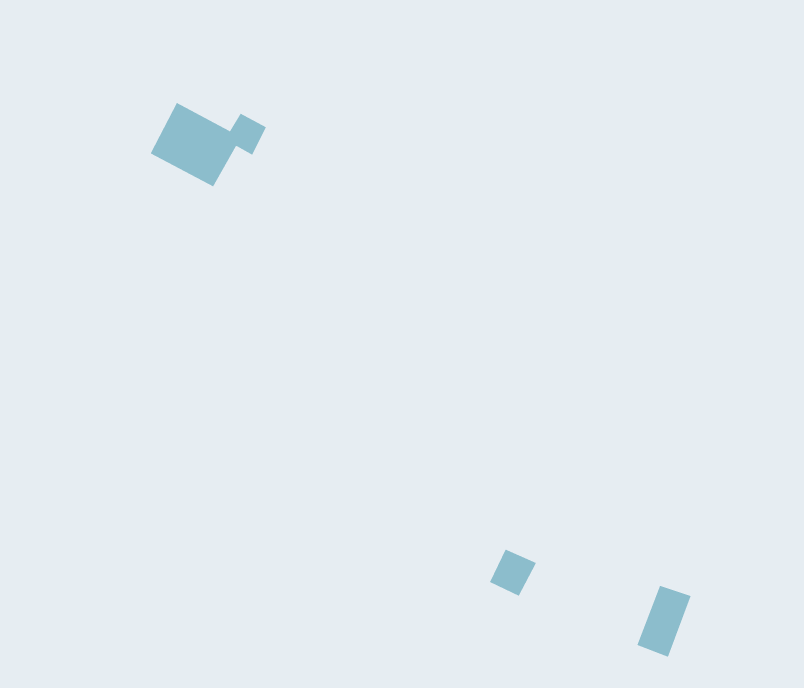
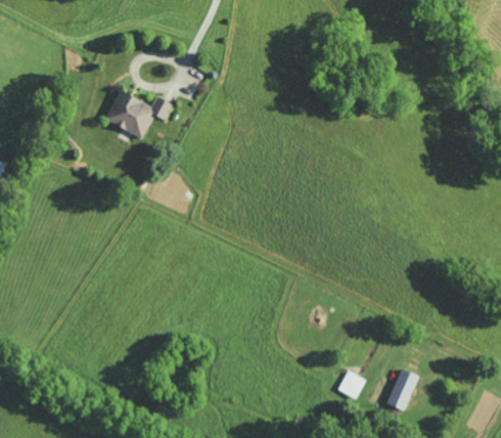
building: [489,549,537,596] -> [338,371,366,399]

